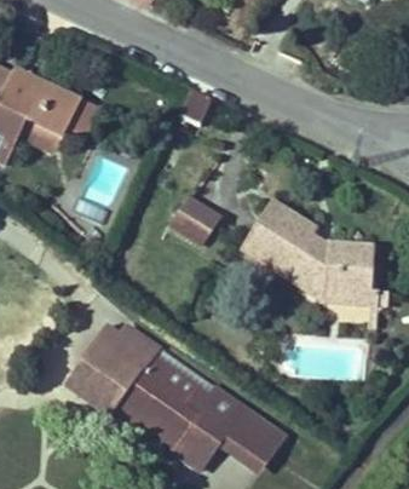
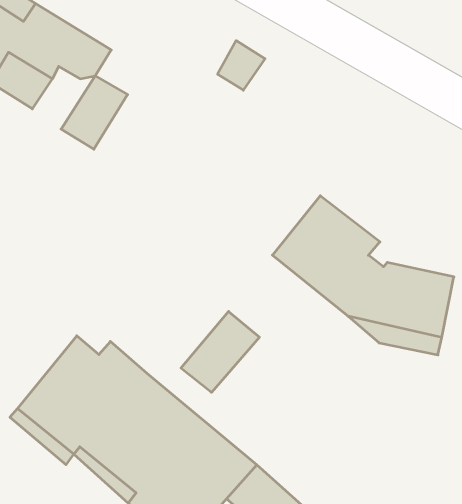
building: none -> [61,76,128,149]
building: [168,192,217,240] -> none
building: none -> [181,311,259,392]

